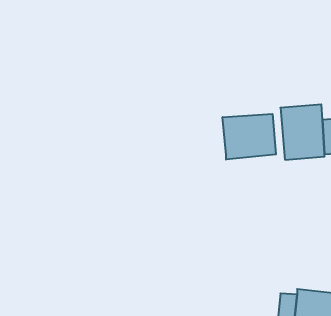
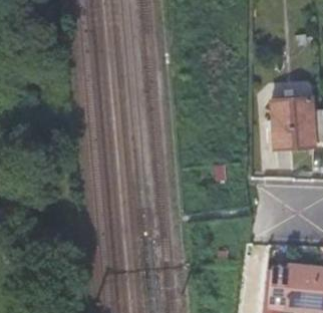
building: [223,114,276,160] -> none

